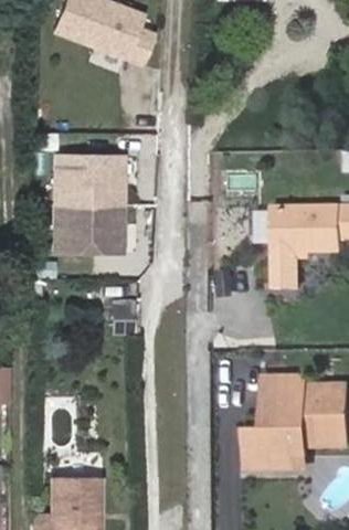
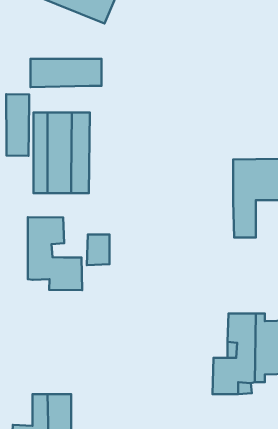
building: none -> [30,59,102,87]
building: none -> [6,94,29,156]
building: none -> [28,217,82,290]

